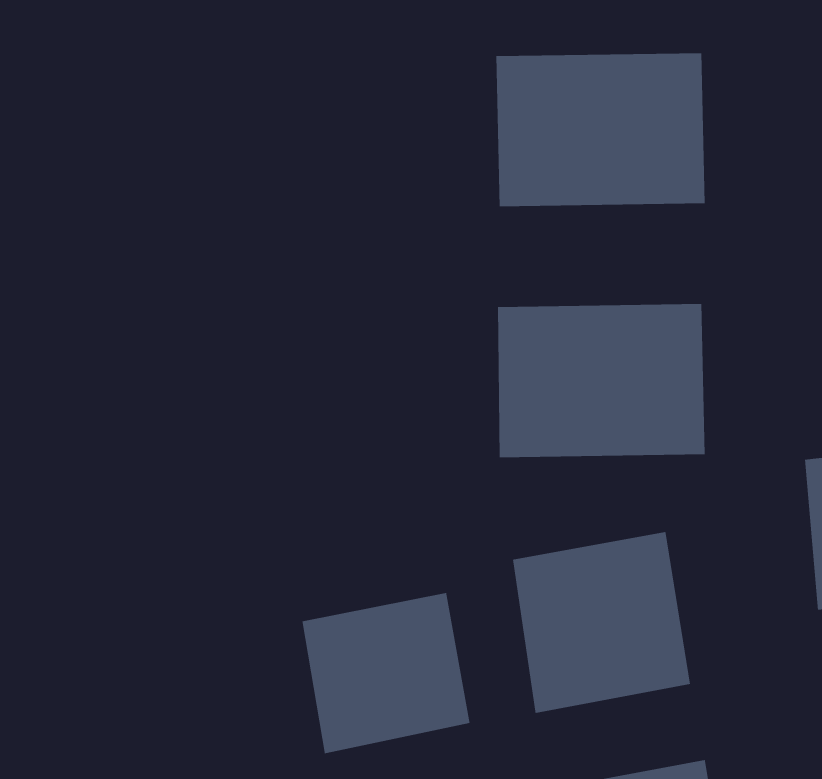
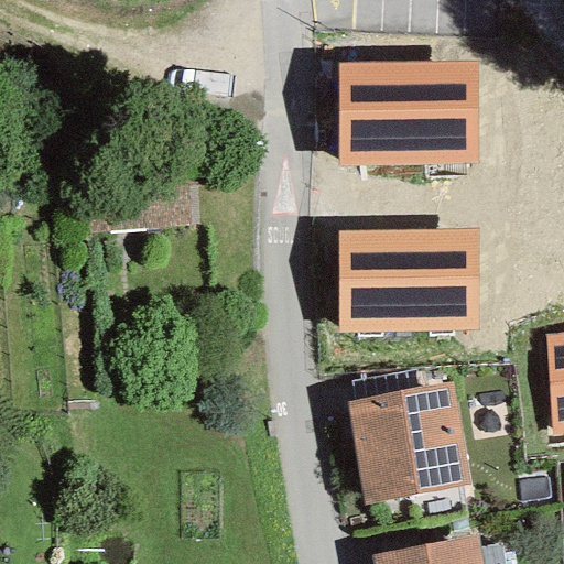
building: [302,592,470,754] -> none

